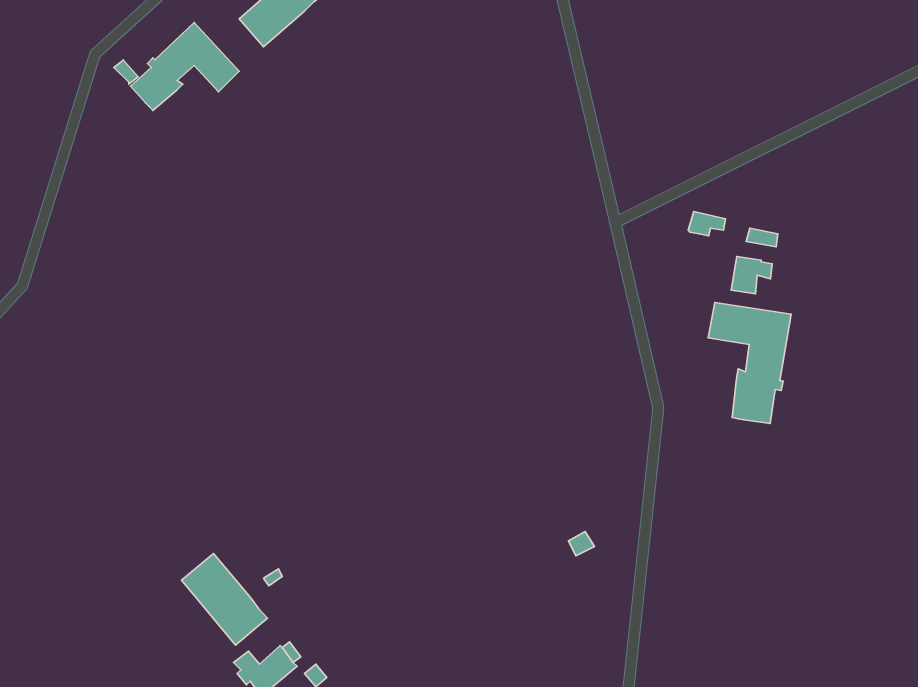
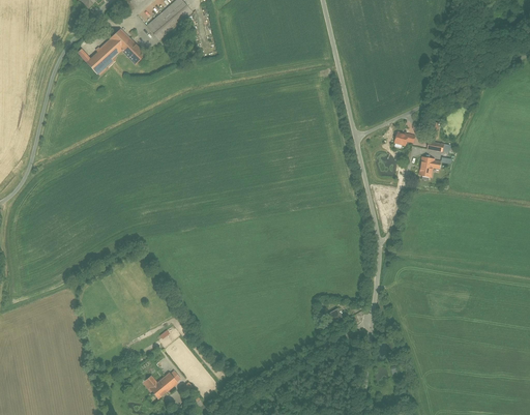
building: [708,303,791,423] -> none
building: [182,553,267,645] -> none

